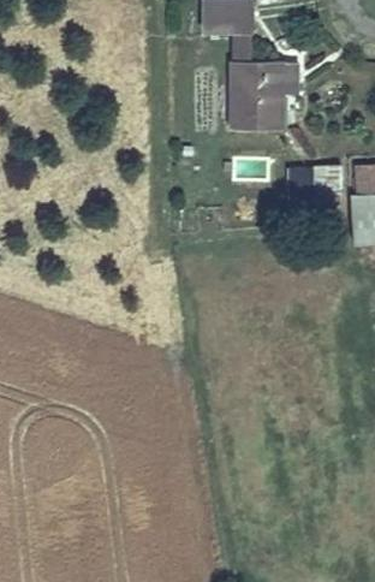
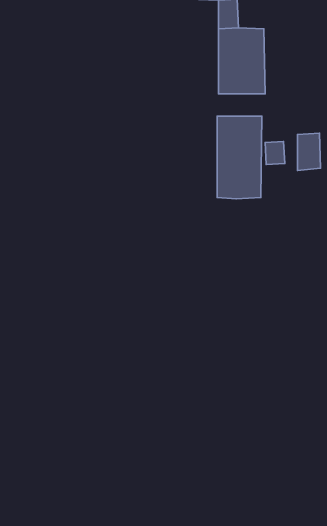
building: none -> [217,116,262,199]

